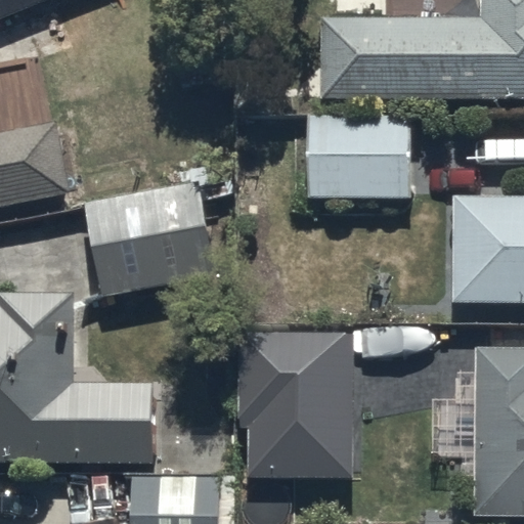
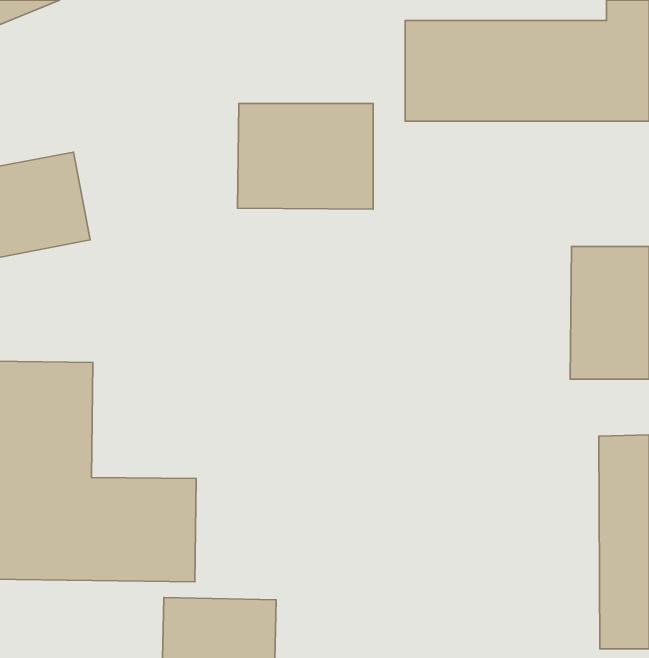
building: [304,115,411,199] -> [238,104,373,209]
building: [82,179,215,297] -> none
building: [238,330,355,479] -> none

